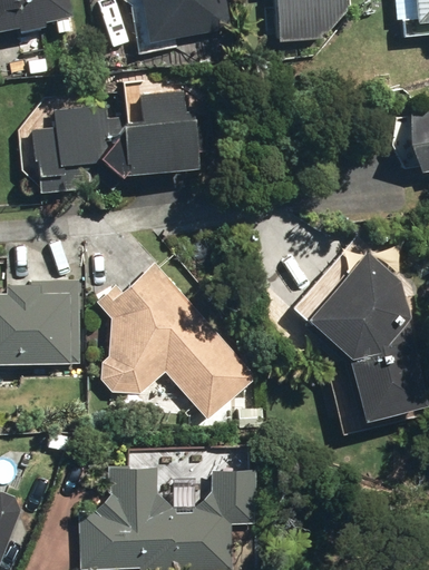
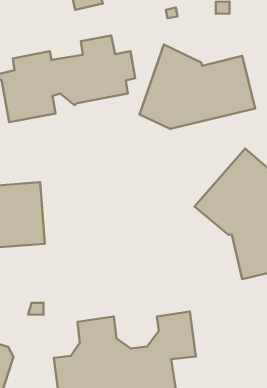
building: none -> [140,45,255,129]
building: [97,257,254,415] -> none

